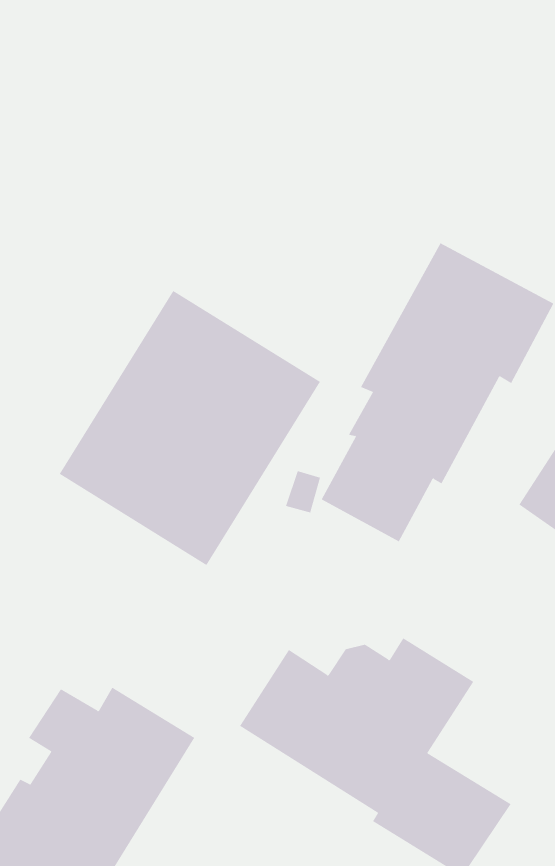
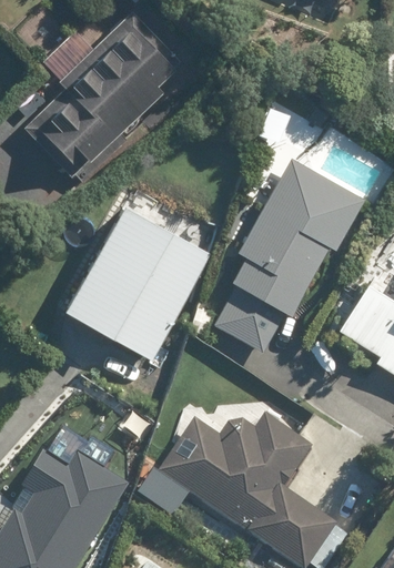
building: none -> [20,12,179,175]

